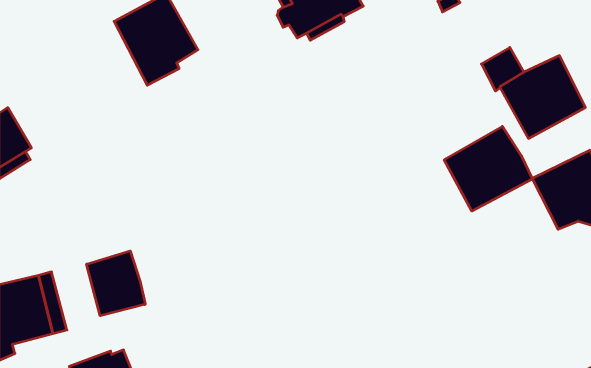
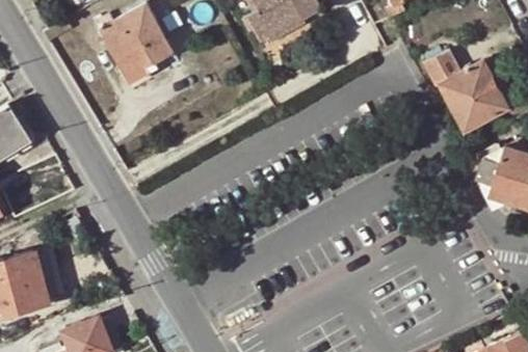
building: [444,126,532,211] -> none
building: [87,251,145,316] -> none

